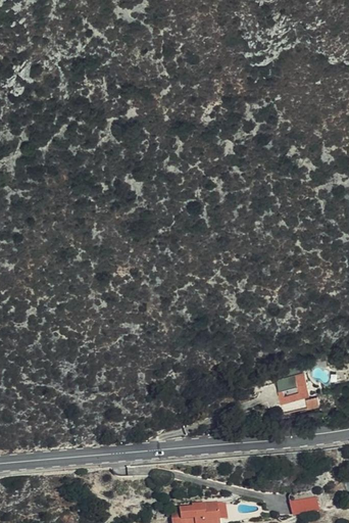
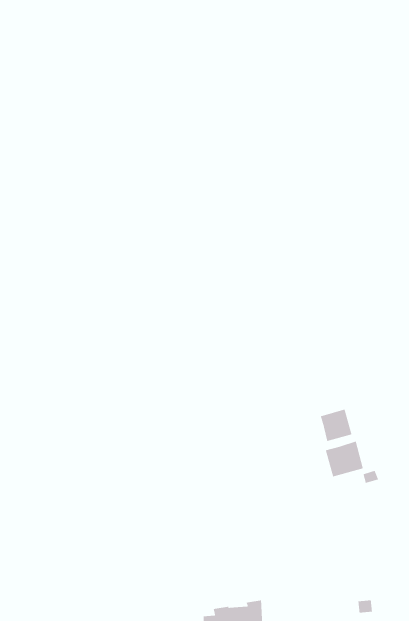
building: none -> [320,409,353,442]

